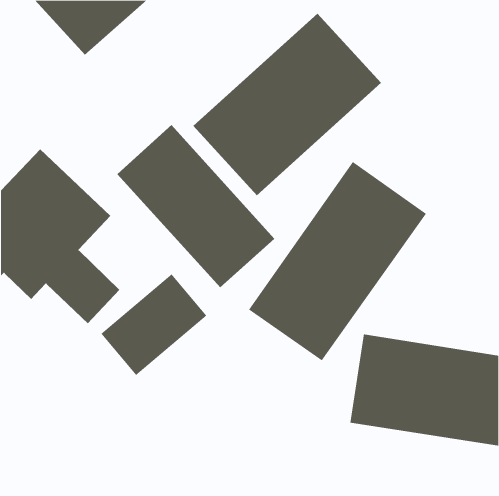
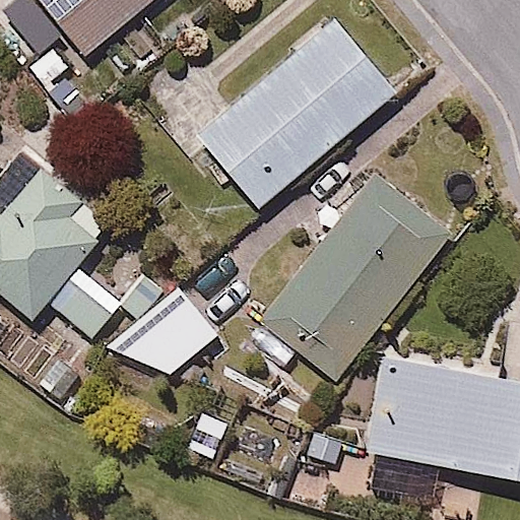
building: [117,124,275,288] -> none

